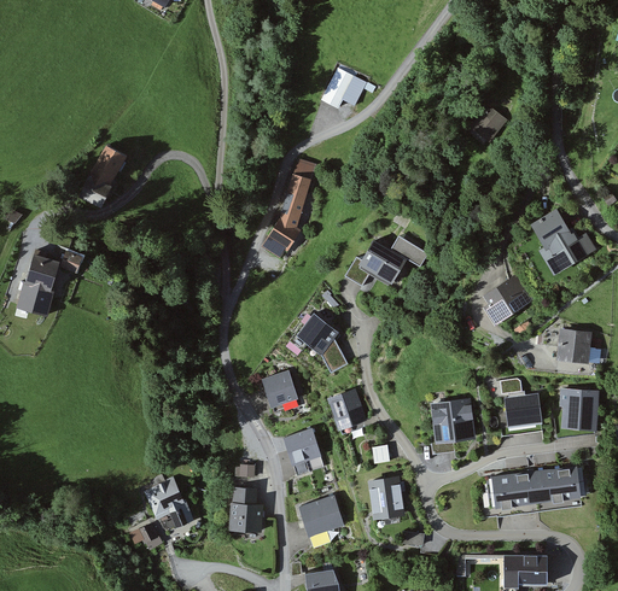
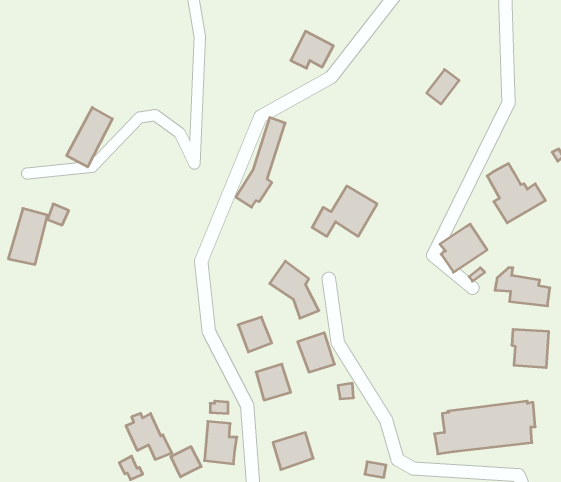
building: [500,379,542,427] -> none
building: [428,399,476,456] -> none
building: [367,475,402,519] -> none
building: none -> [171,447,201,477]

